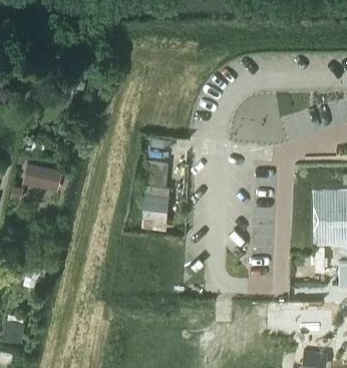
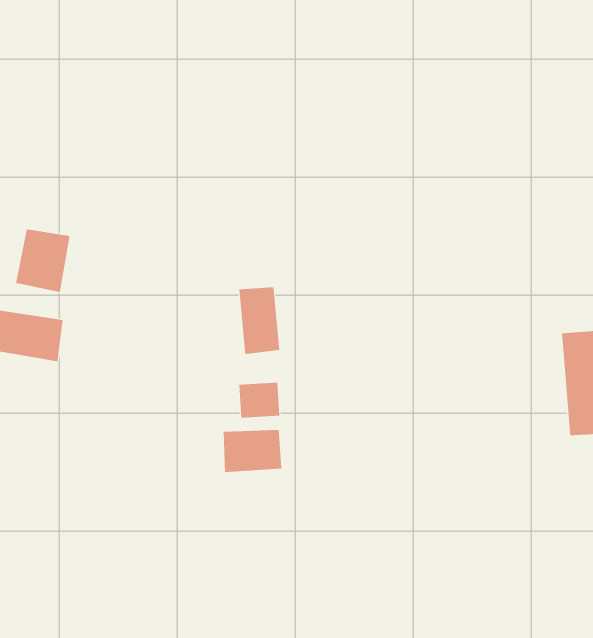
building: none -> [15,229,70,293]
building: none -> [223,429,282,473]

